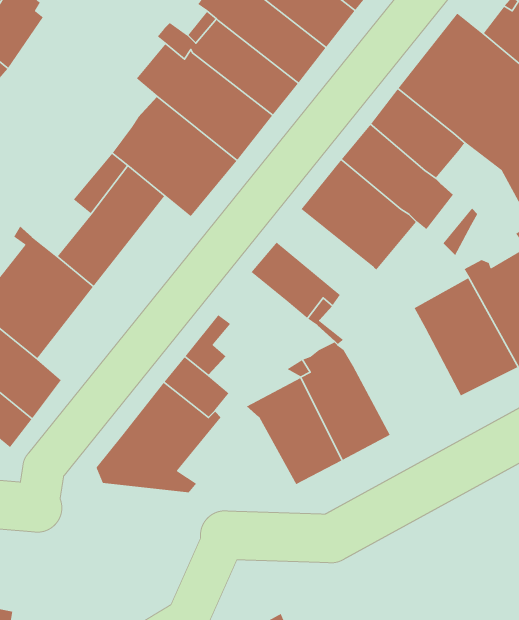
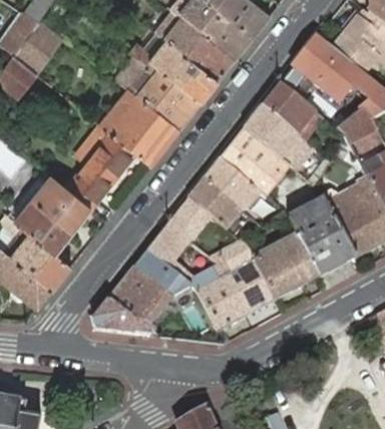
building: none -> [204,159,264,212]
building: none -> [167,198,210,243]
building: none -> [252,234,318,300]

